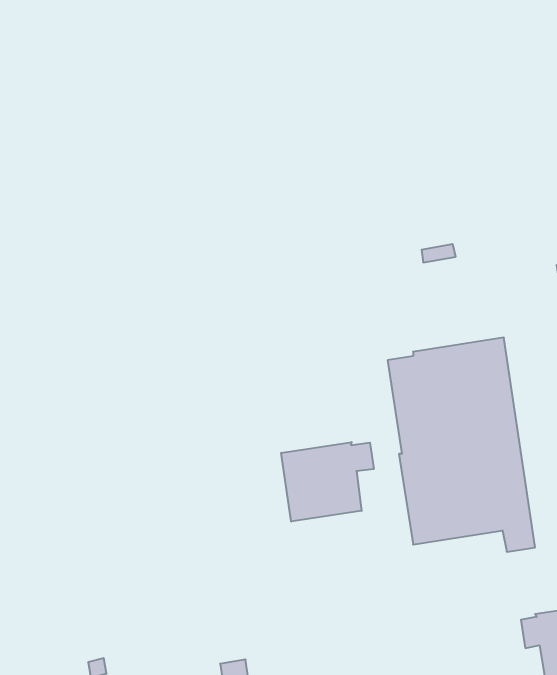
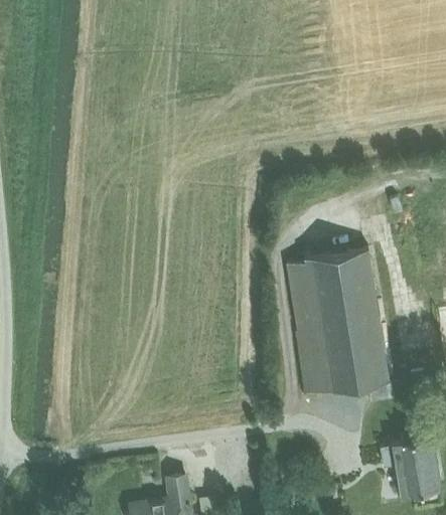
building: [281,442,374,522] -> none

